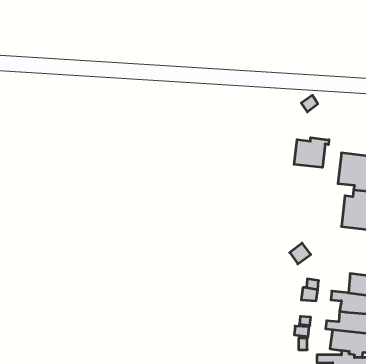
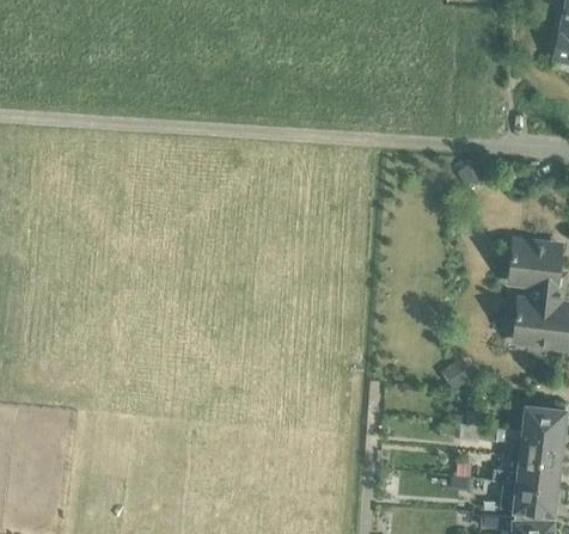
building: [294,138,329,167] -> none

